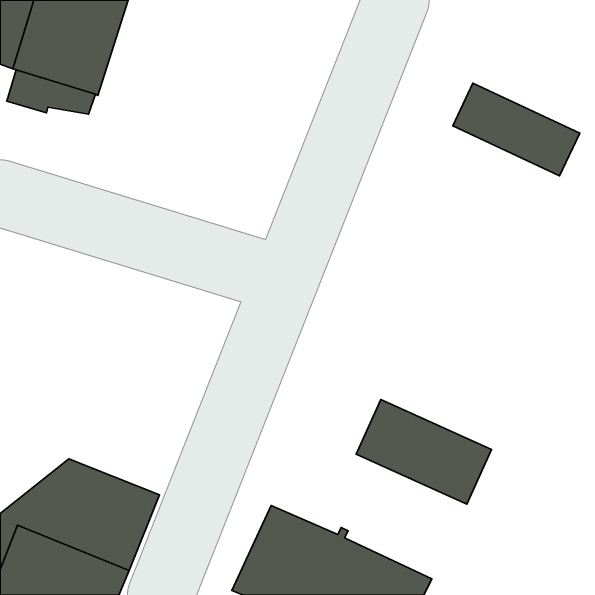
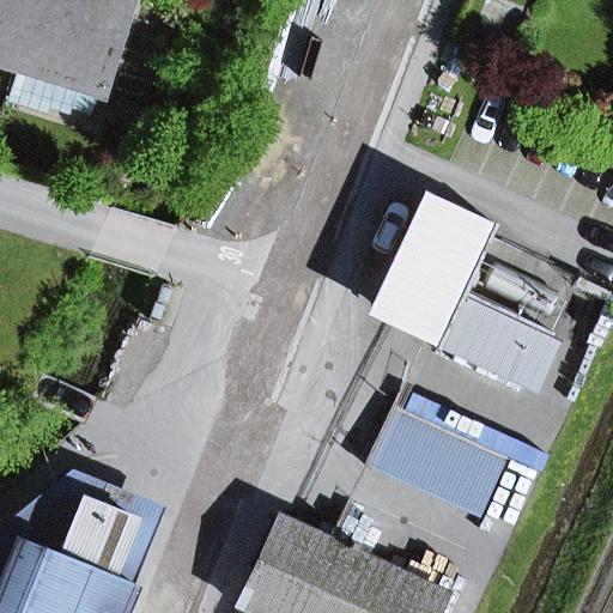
building: [453,83,580,176] -> none
building: none -> [380,207,552,382]

